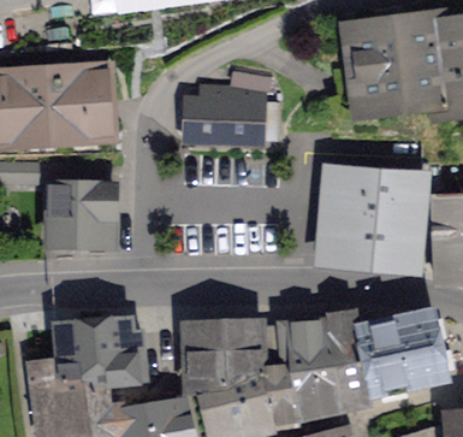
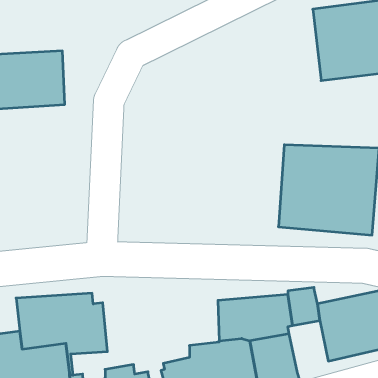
building: [188,88,277,142] -> none
building: [49,164,112,246] -> none
building: [189,330,259,394] -> none
building: [328,350,369,403] -> none

